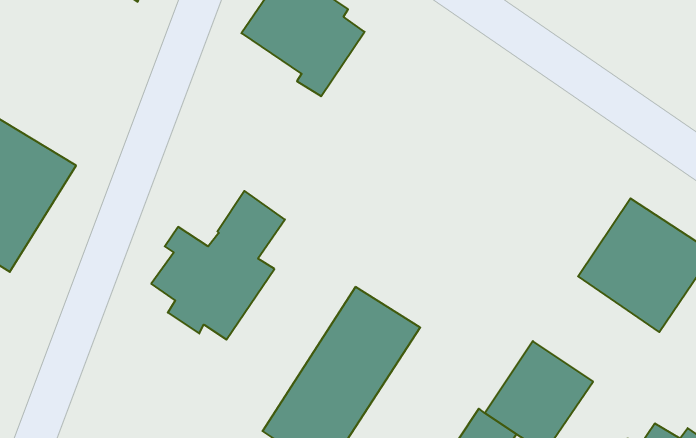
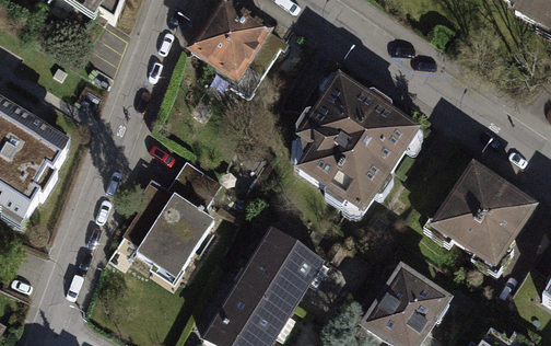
building: none -> [294,77,417,209]

